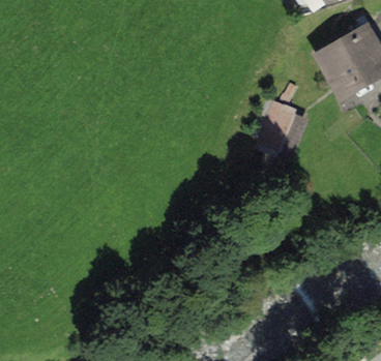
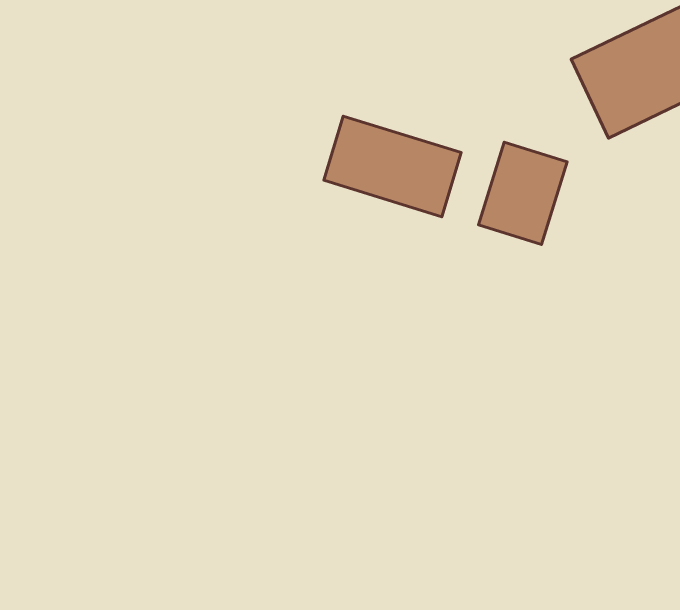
building: none -> [324,116,461,217]

